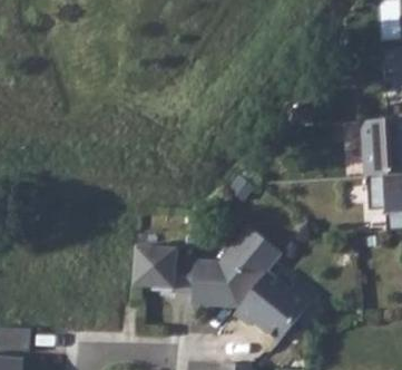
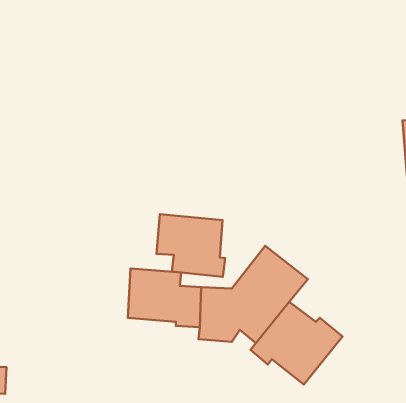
building: none -> [157,214,225,277]

